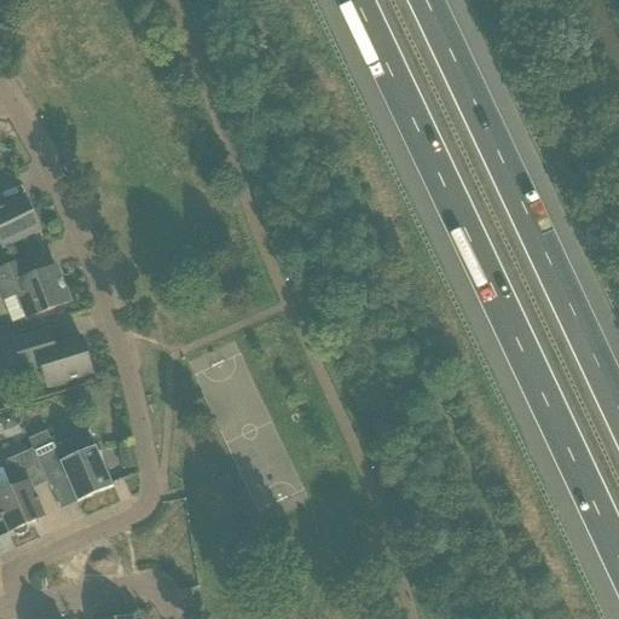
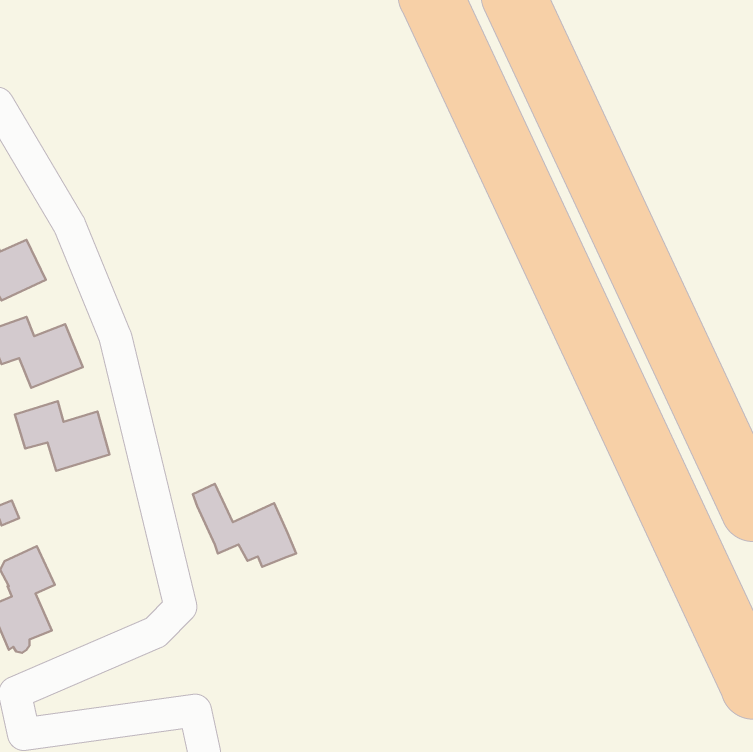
building: [27,428,111,496] -> [193,484,296,567]

